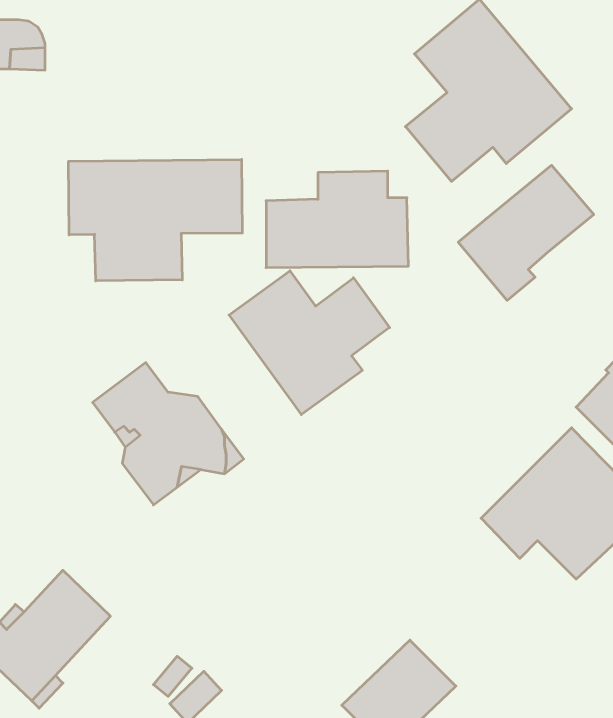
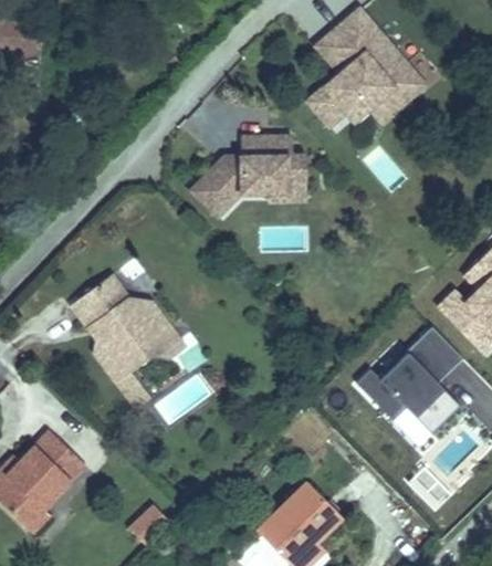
building: [69,159,242,281] -> none
building: [458,165,594,300] -> none
building: [229,271,390,415] -> none

